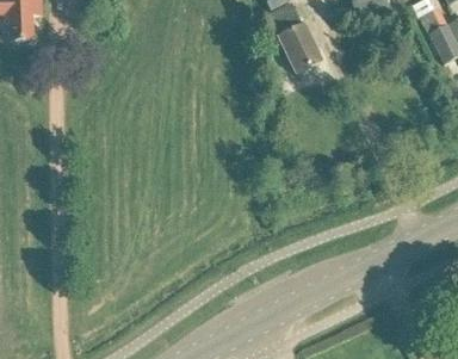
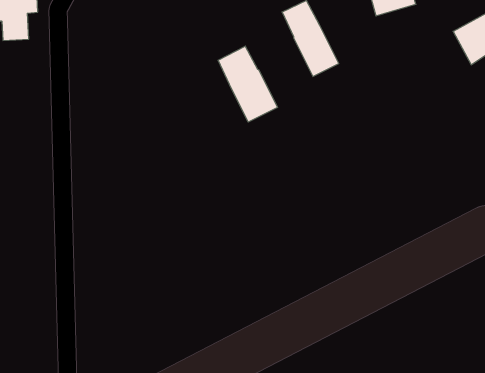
building: none -> [218,46,277,122]

